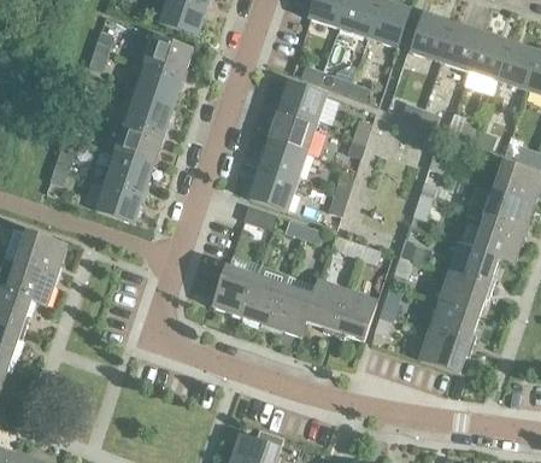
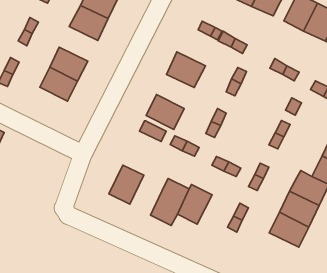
building: [277,81,327,123] -> none
building: [123,95,172,137] -> none
building: [258,141,306,182] -> none
building: [95,180,143,222] -> none
building: [242,276,284,327] -> none
building: [334,289,377,340] -> none
building: [419,329,470,373] -> none

